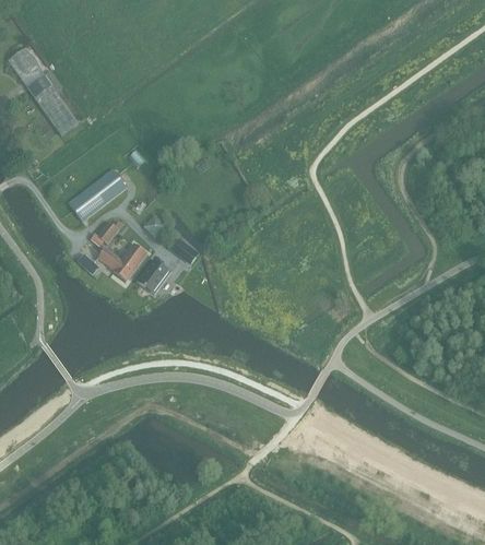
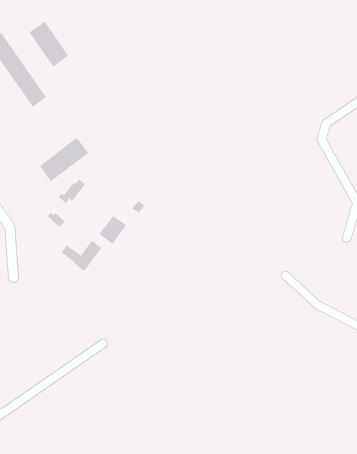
building: none -> [28,21,69,68]
building: [98,242,146,280] -> [61,240,102,272]

